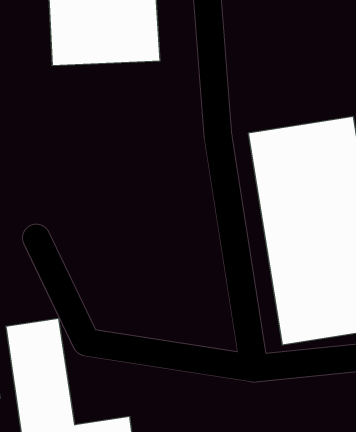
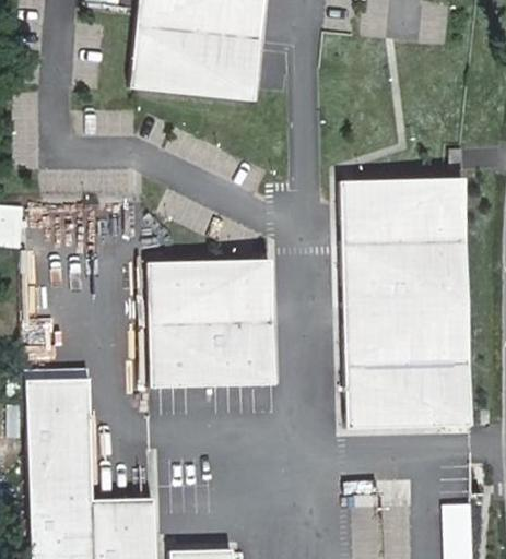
building: none -> [149,260,274,385]

